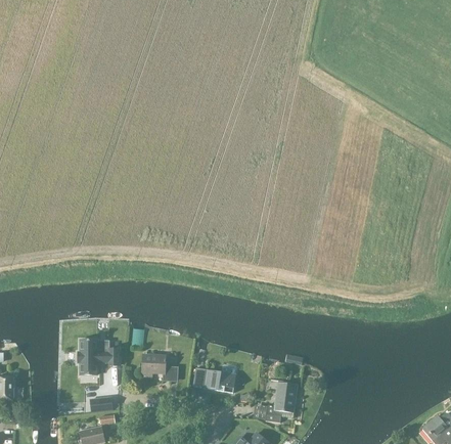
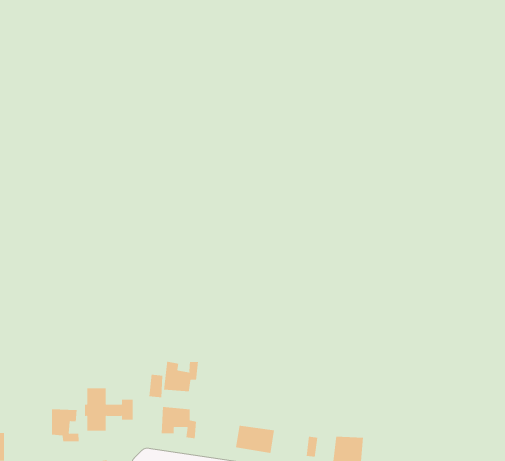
building: none -> [163,361,198,392]
building: none -> [52,409,79,442]

